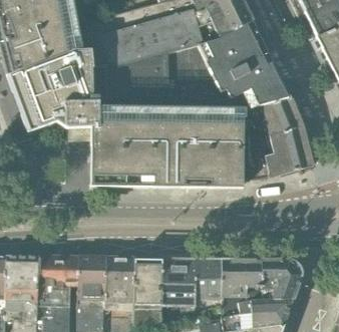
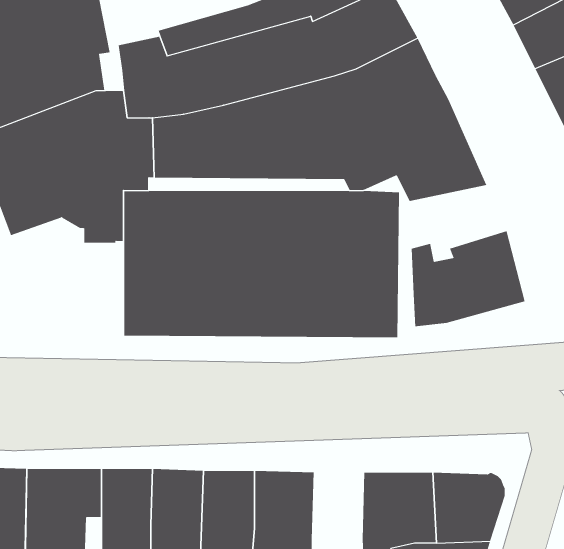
building: [248,102,302,144] -> none
building: [195,261,223,298] -> none

